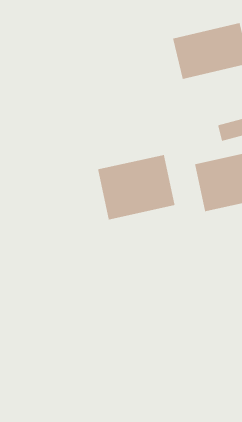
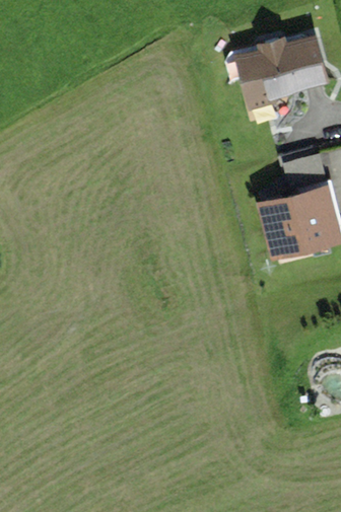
building: [97,154,175,220] -> none

